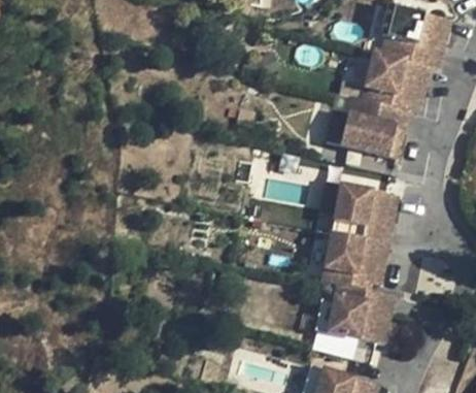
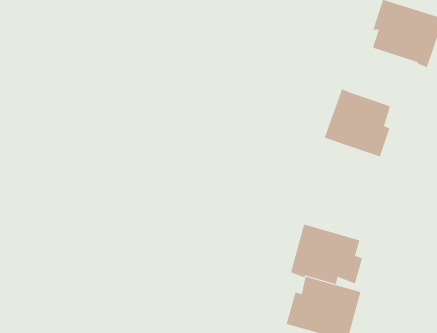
building: [358,52,421,112] -> none
building: [325,183,399,242] -> none

